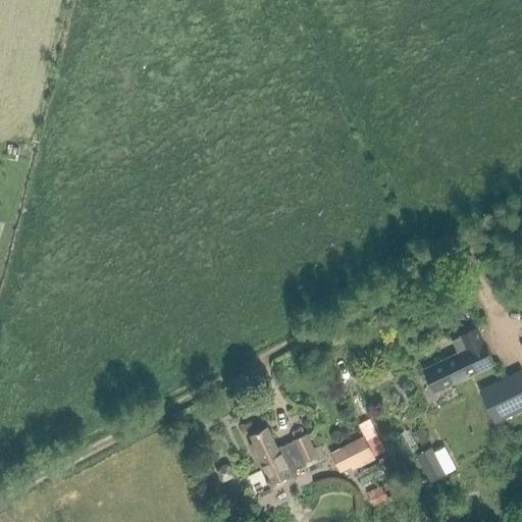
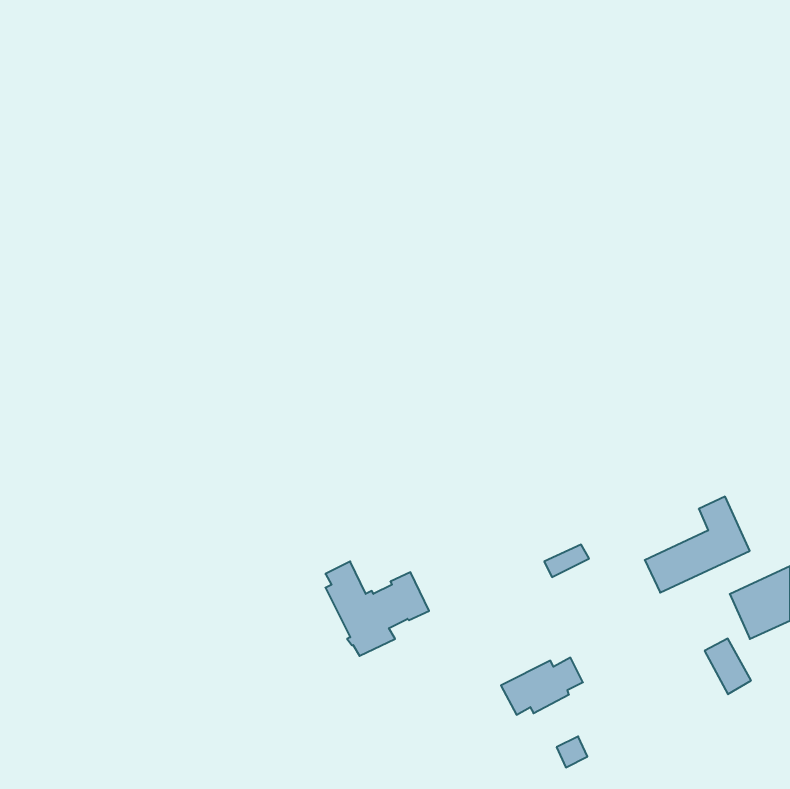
building: [250,427,318,489] -> [325,561,429,656]
building: [416,446,447,482] -> [705,639,751,694]

